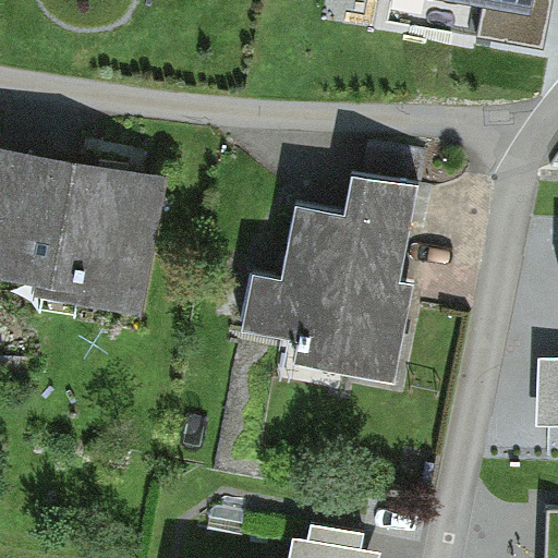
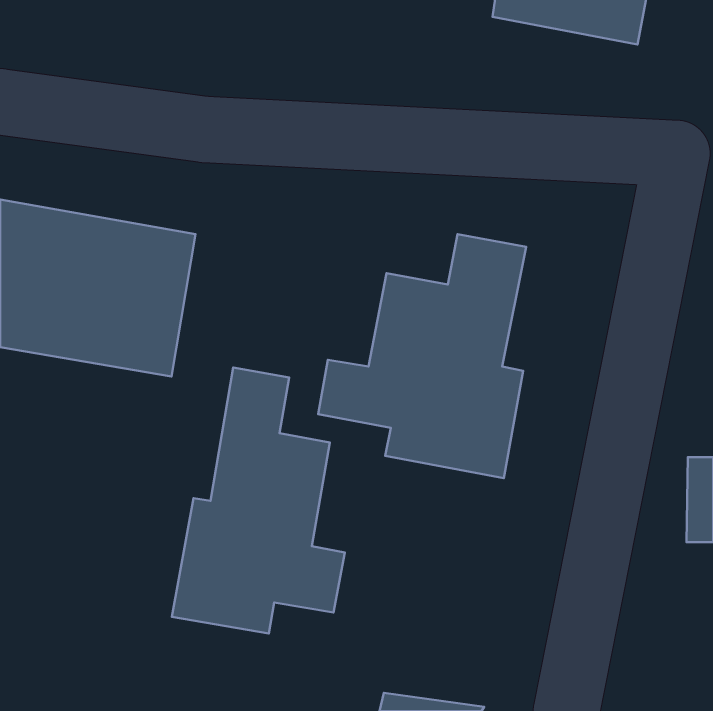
building: none -> [172,368,345,634]

